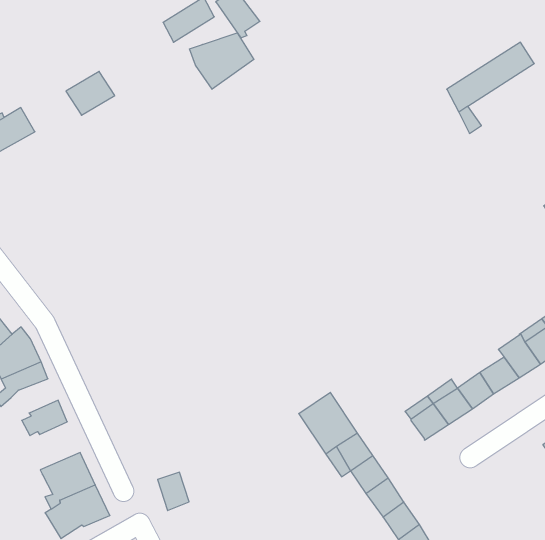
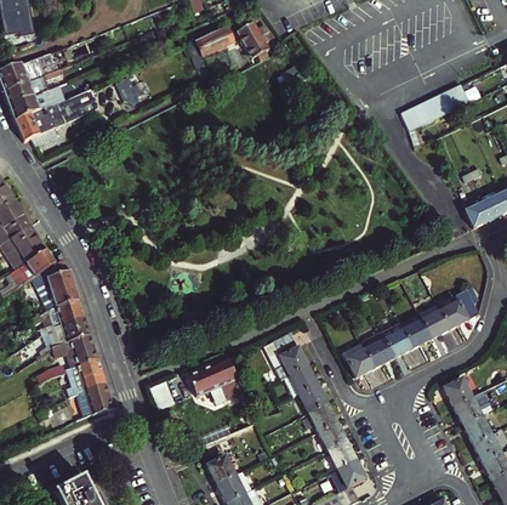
building: [190,33,254,89] -> none
building: none -> [50,297,85,327]
building: none -> [49,331,97,371]
building: none -> [187,358,243,405]

